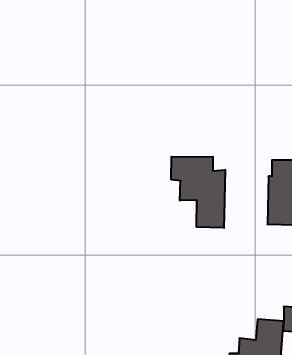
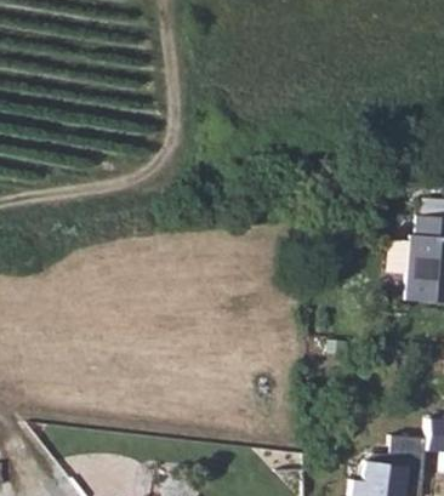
building: [171,157,225,228] -> none

